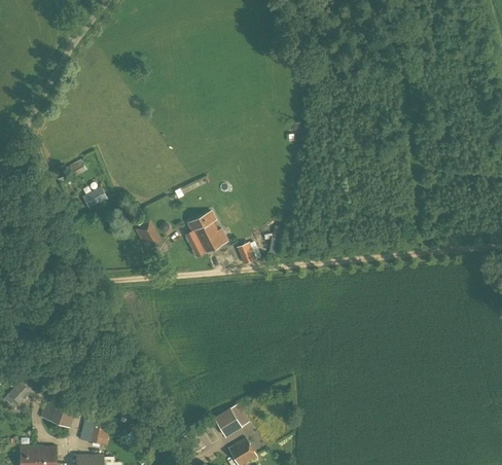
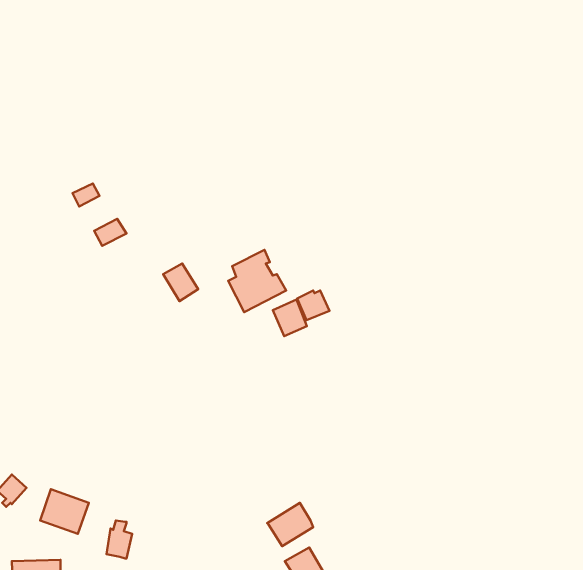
building: none -> [273,299,307,336]

